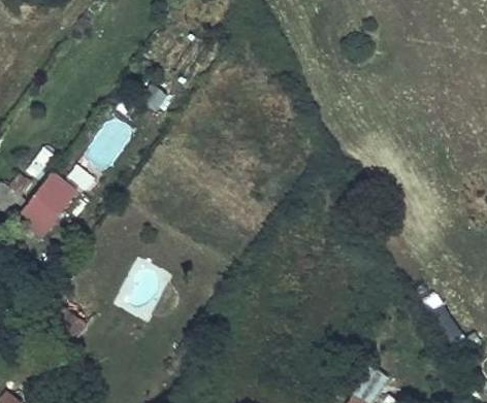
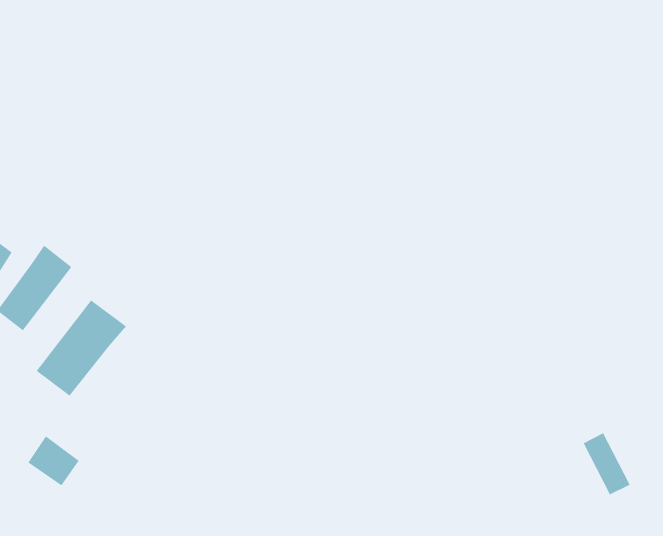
building: none -> [36,299,127,397]

